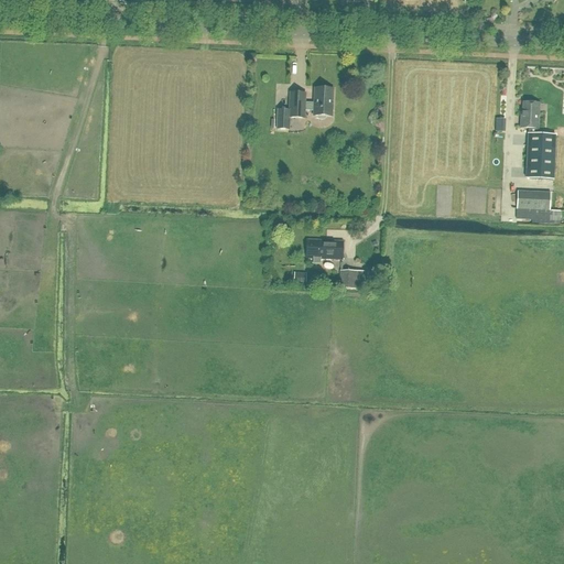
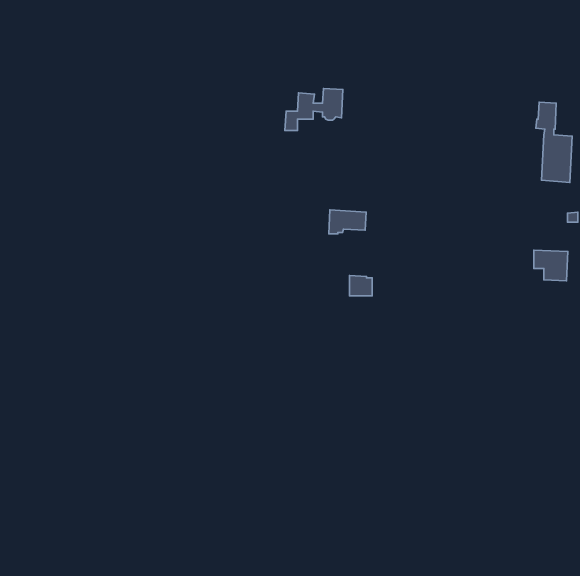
building: [517,188,550,218] -> [534,250,568,281]
building: [306,238,343,261] -> [329,210,366,234]

